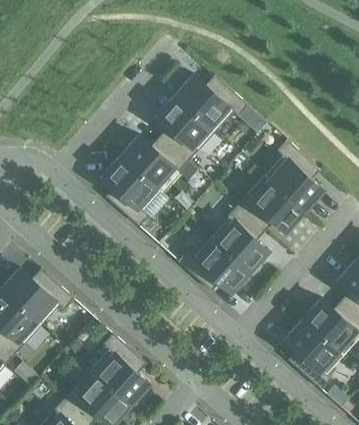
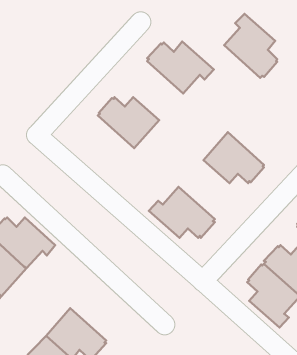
building: [155,100,212,165] -> none
building: [261,144,319,214] -> [224,14,277,78]
building: [101,160,158,230] -> none
building: [207,209,265,274] -> none
building: [88,337,146,408] -> none

